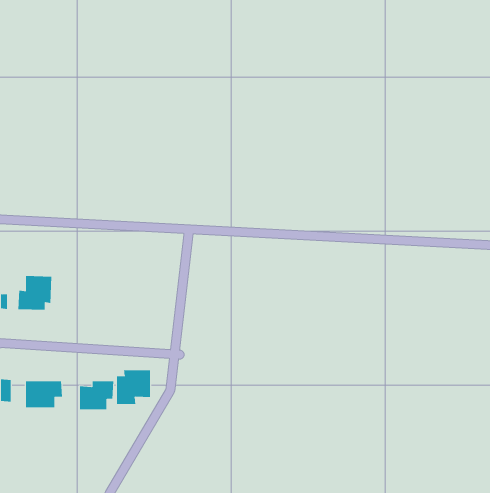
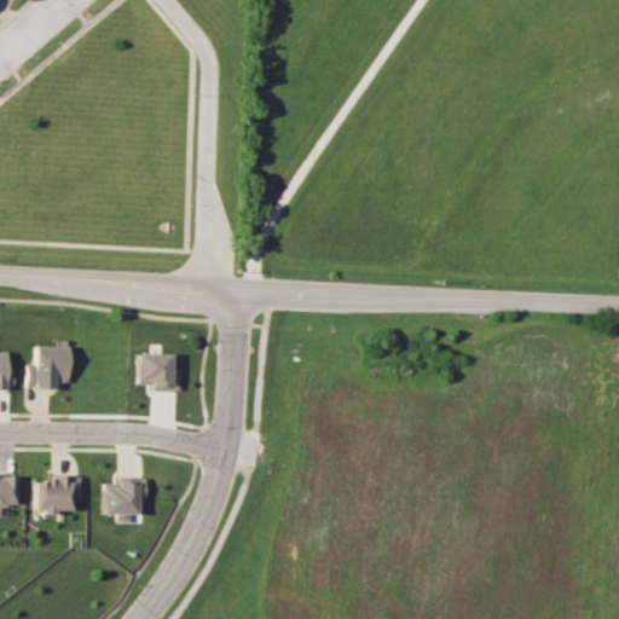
building: none -> [137,354,180,391]
building: [117,370,150,405] -> none

